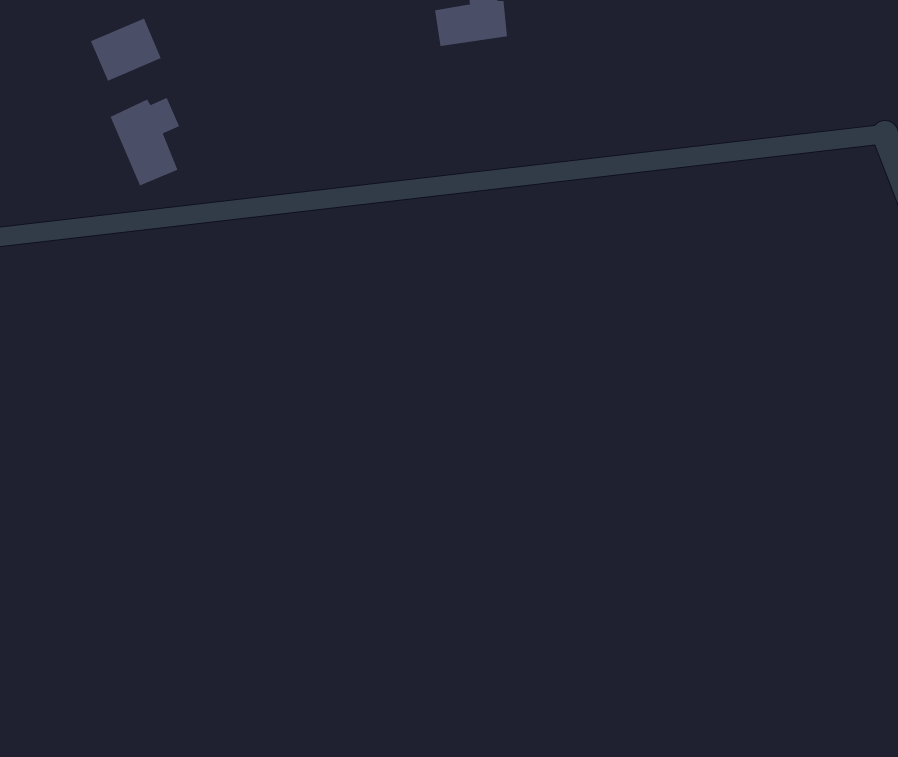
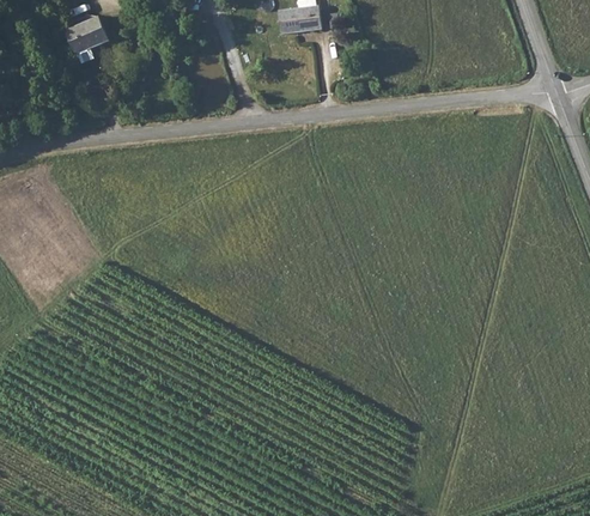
building: [109,97,180,186] -> none

